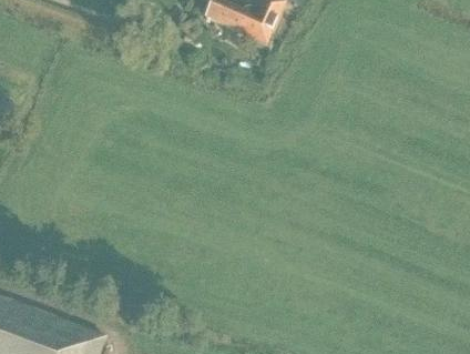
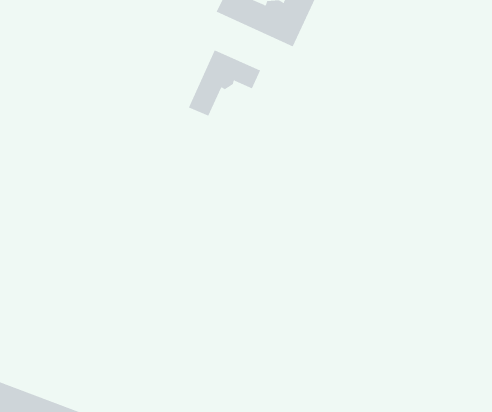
building: none -> [188,49,261,117]

